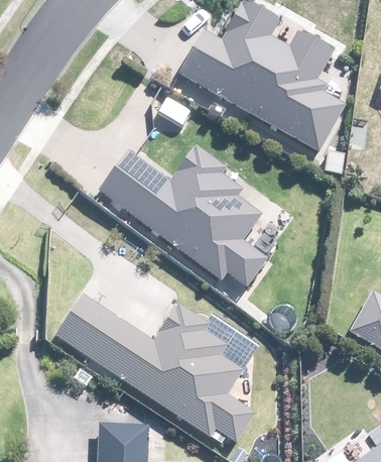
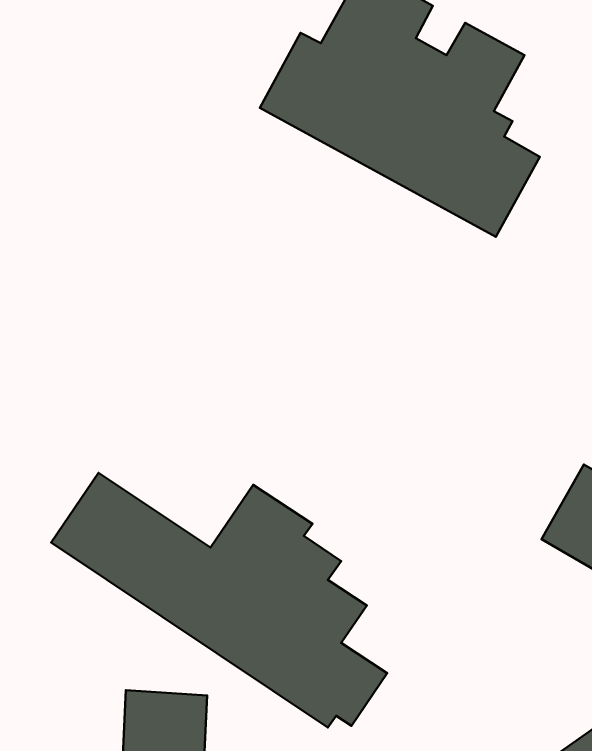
building: [100,144,265,288] -> none

